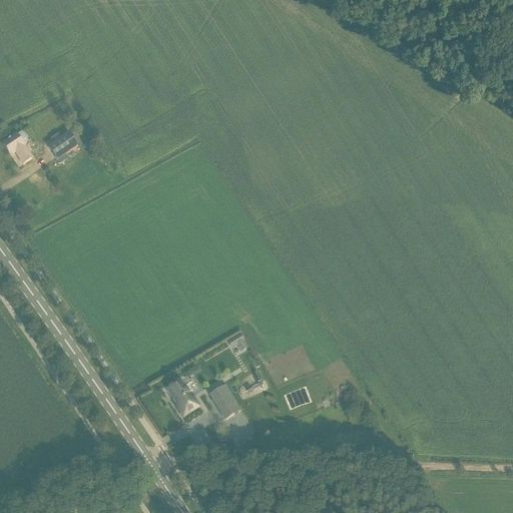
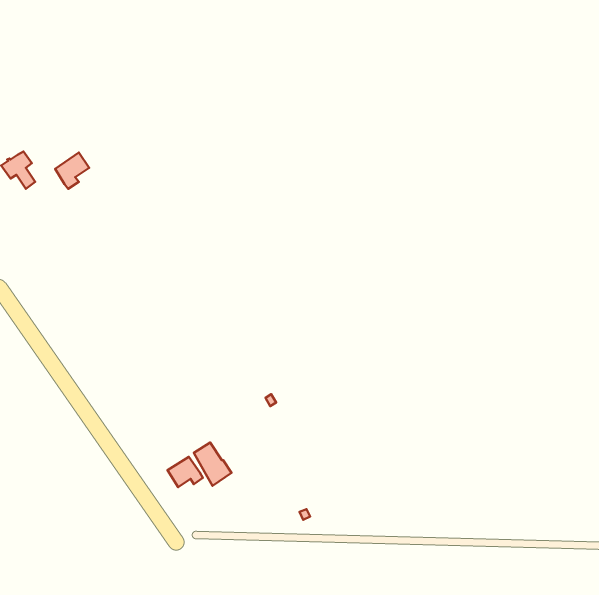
building: [209,384,237,416] -> none
building: none -> [167,457,203,487]

